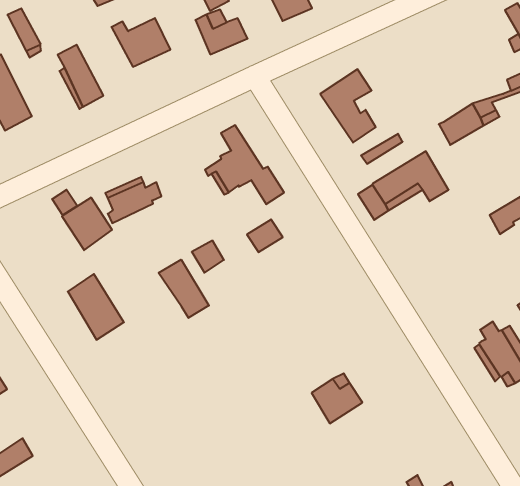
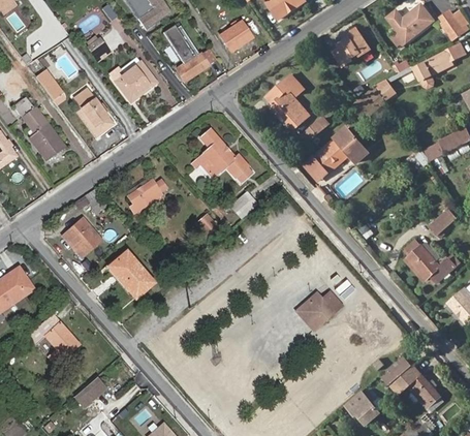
building: none -> [336,27,372,65]
building: [62,198,112,250] -> [63,218,100,256]
building: [159,260,209,318] -> none

